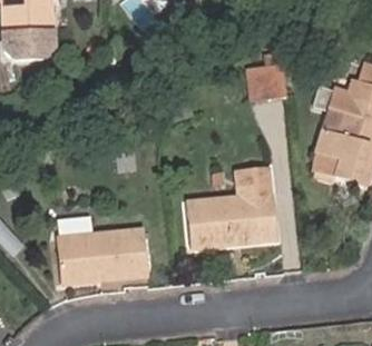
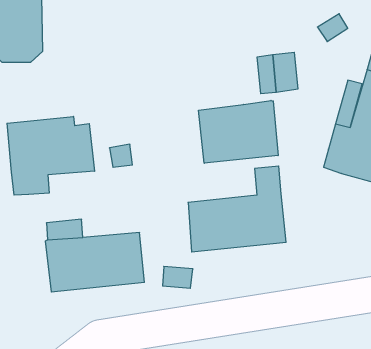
building: none -> [199,100,278,163]
building: none -> [7,116,95,195]

